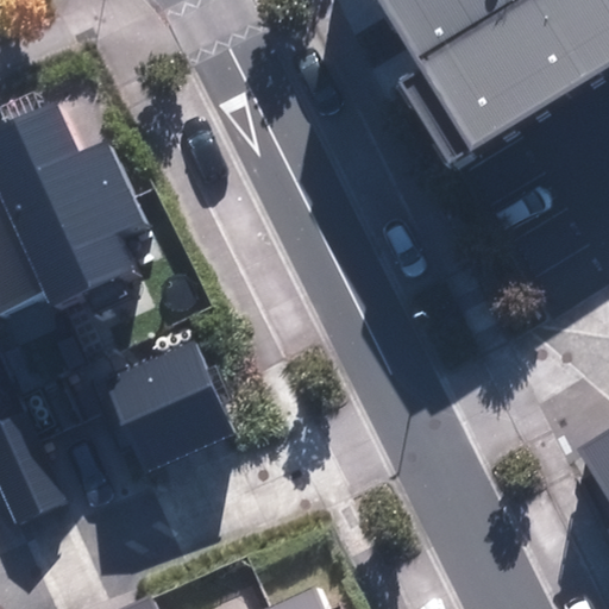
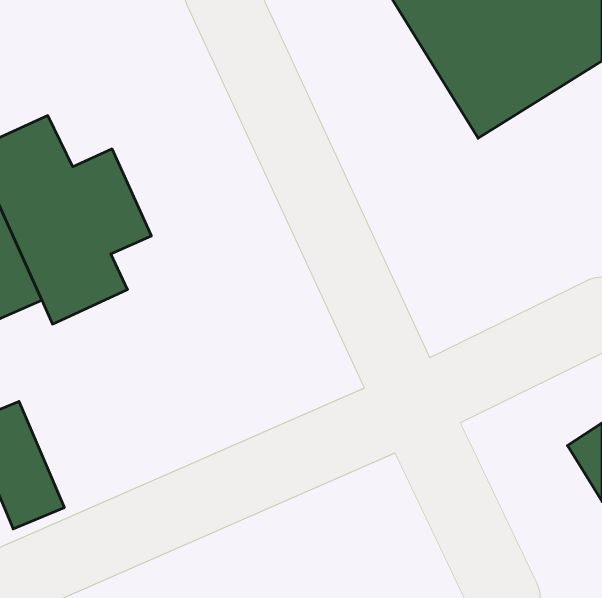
building: [98,339,236,477] -> none

